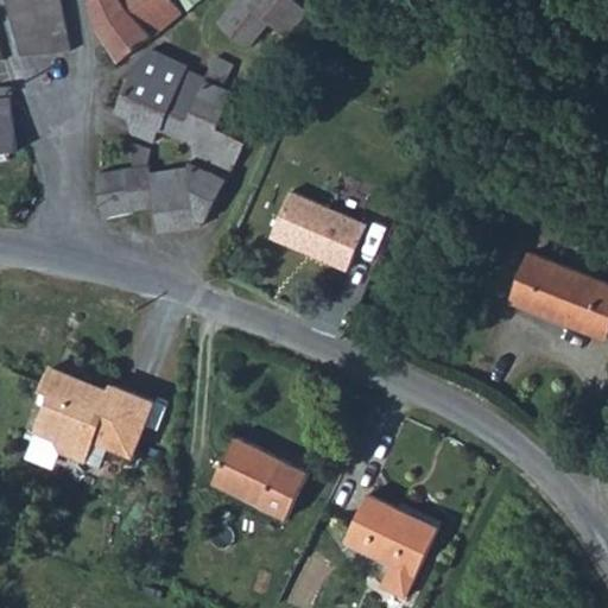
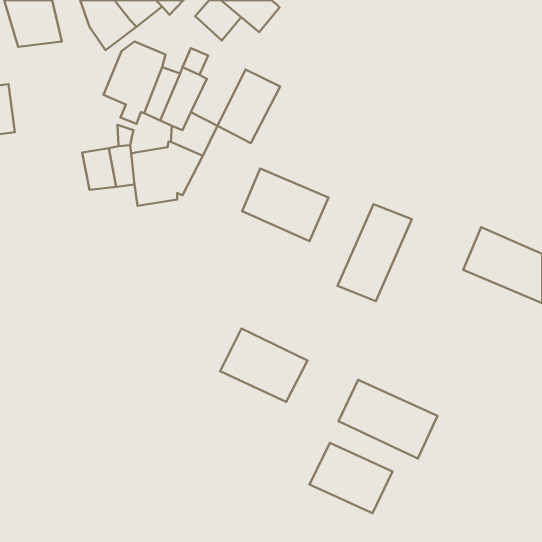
building: none -> [218,69,280,143]
building: none -> [337,204,412,301]
building: [33,369,148,454] -> none
building: none -> [339,380,437,458]
building: [209,437,306,519] -> [220,328,308,402]

